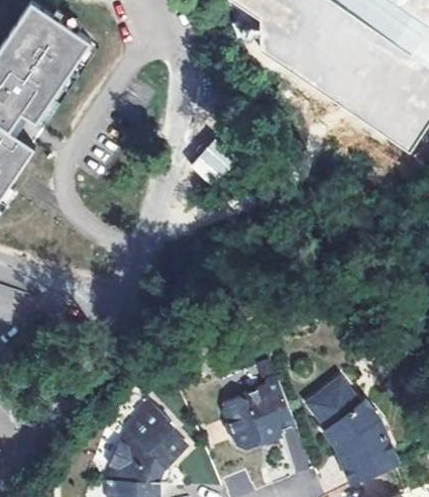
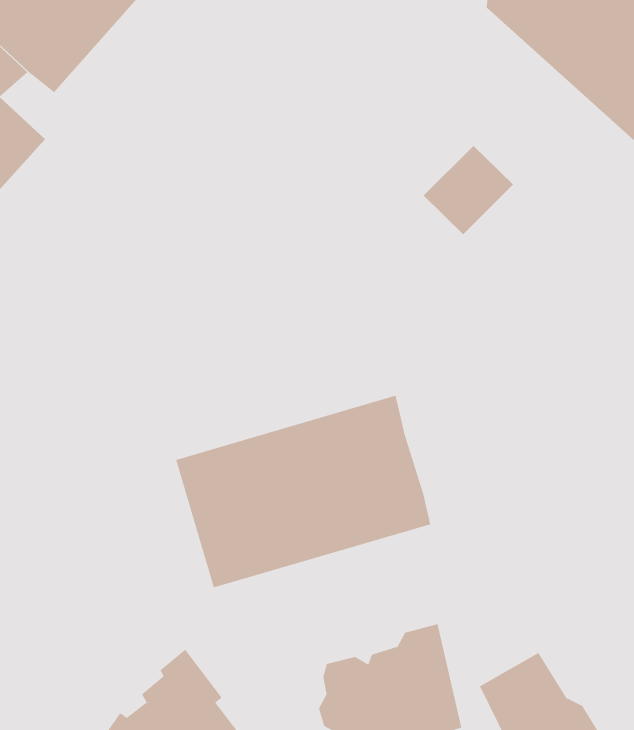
building: [190,138,237,187] -> [423,145,514,235]
building: none -> [176,395,431,588]

